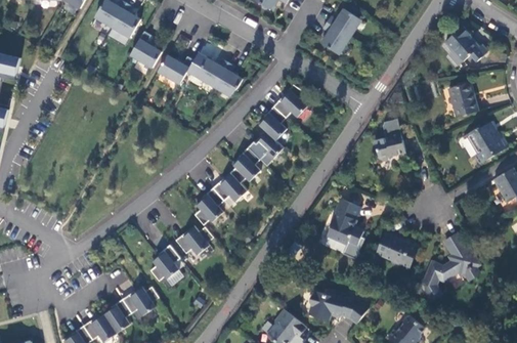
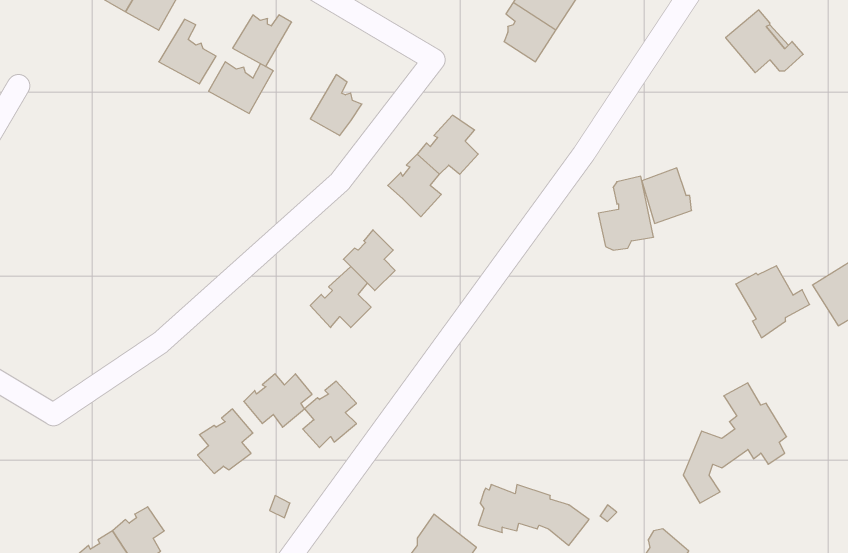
building: [196,58,228,87] -> [233,15,292,67]
building: [448,84,476,115] -> [642,168,692,223]
building: [466,123,507,163] -> [736,266,810,338]
building: [249,131,284,160] -> none
building: [196,190,225,227] -> [303,381,356,448]
building: [324,200,361,246] -> none
building: [374,232,417,266] -> none
building: [124,289,161,318] -> none

